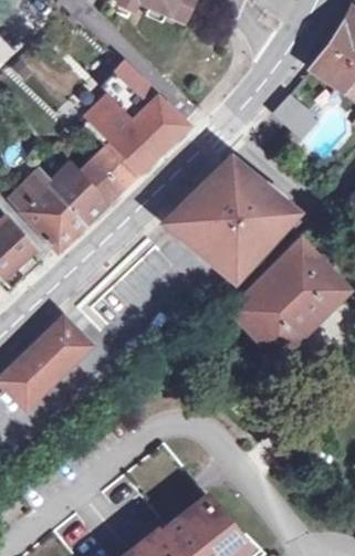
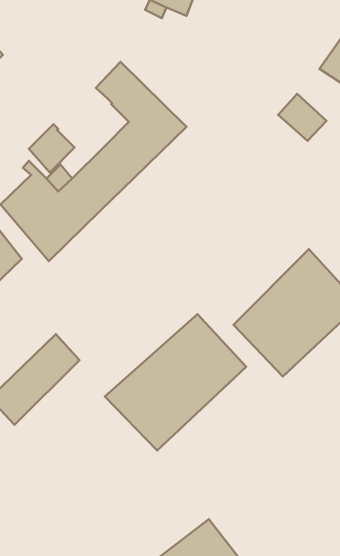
building: [90,97,133,143] -> [29,124,75,172]
building: [164,156,294,279] -> none
building: none -> [105,314,246,451]

